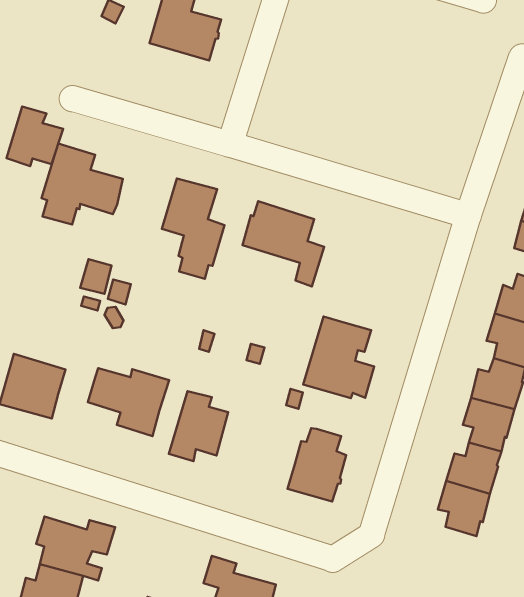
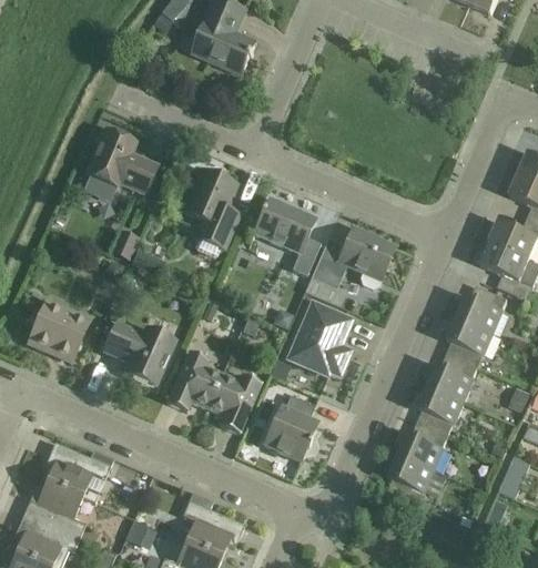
building: [6,106,63,166] -> none
building: none -> [309,227,394,296]
building: none -> [206,373,261,433]

